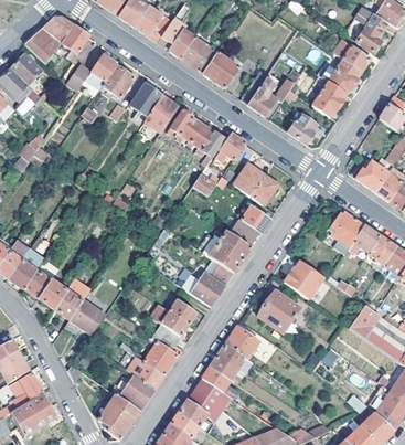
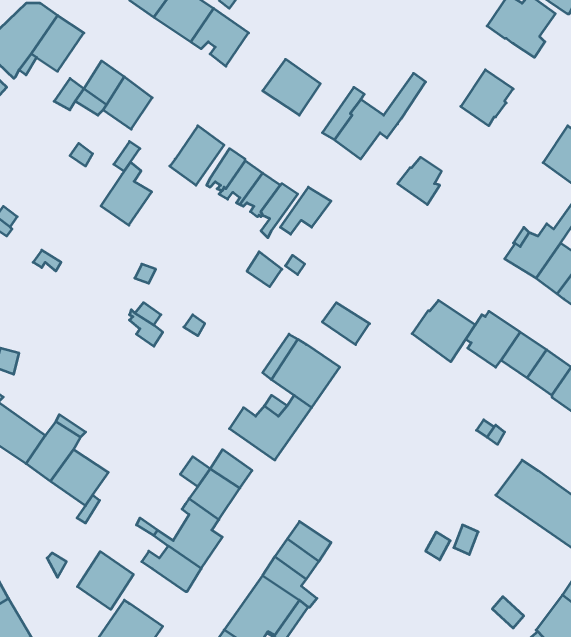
building: [180,35,217,72] -> none
building: [334,39,374,71] -> none
building: [130,75,162,115] -> [101,162,152,225]
building: [312,82,345,116] -> none
building: [234,165,276,203] -> none
building: [231,218,262,246] -> none
building: [285,261,324,299] -> [412,300,475,362]
building: [258,289,300,331] -> none
building: [226,326,259,358] -> none
building: [119,373,154,410] -> [77,552,133,609]

